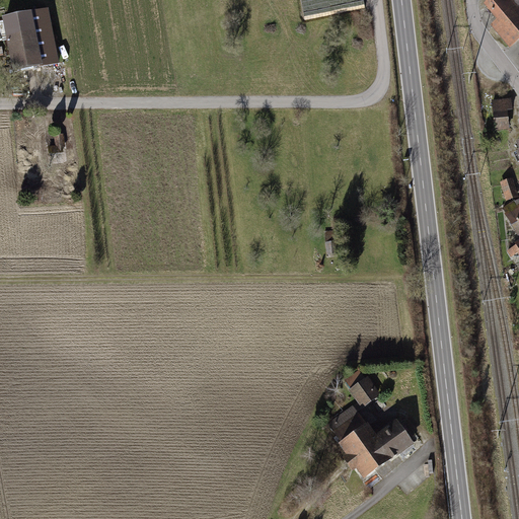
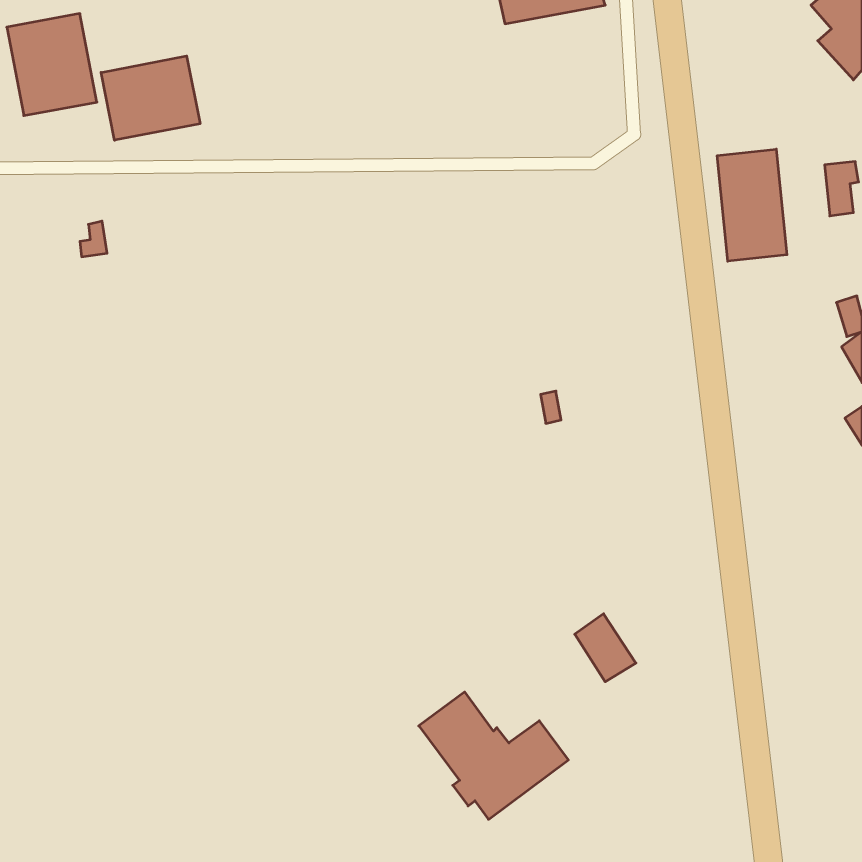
building: none -> [101,56,200,140]
building: none -> [717,149,787,261]
building: [324,400,414,476] -> [419,692,568,819]

